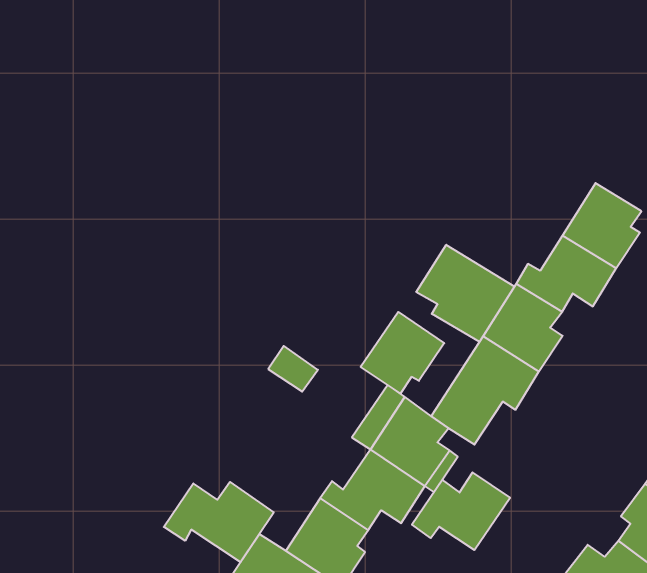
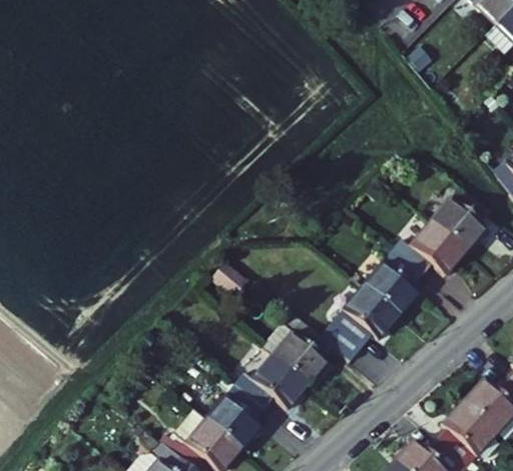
building: [416,245,514,342] -> none
building: [361,312,444,394] -> none
building: [412,472,510,550] -> none
building: [164,482,274,562] -> none

